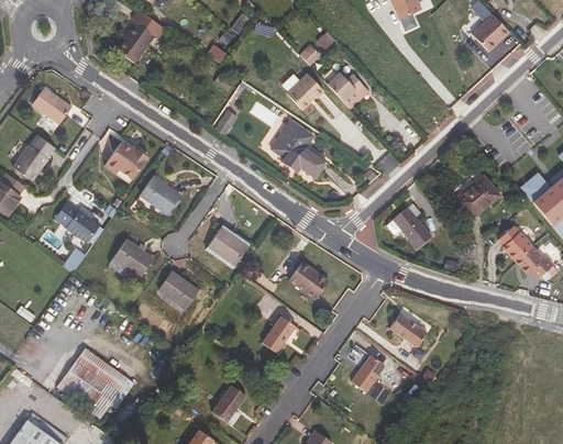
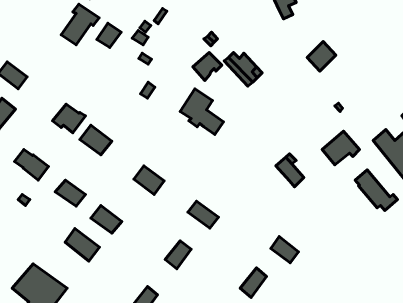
building: [473,13,510,52] -> [307,42,336,71]
building: none -> [97,23,121,48]
building: none -> [65,229,99,261]

